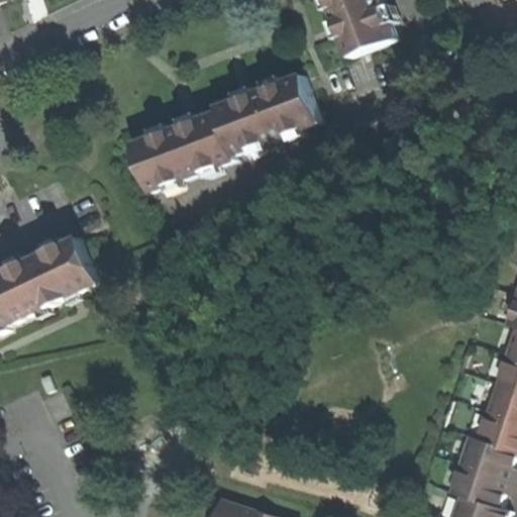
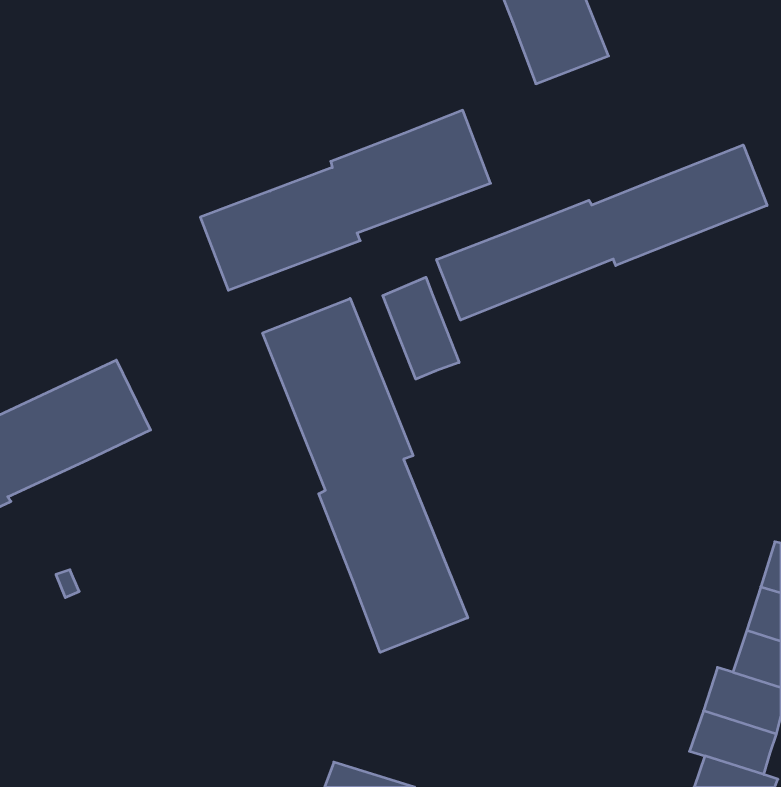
building: none -> [437,145,767,320]
building: none -> [383,277,459,379]
building: none -> [263,298,468,652]

